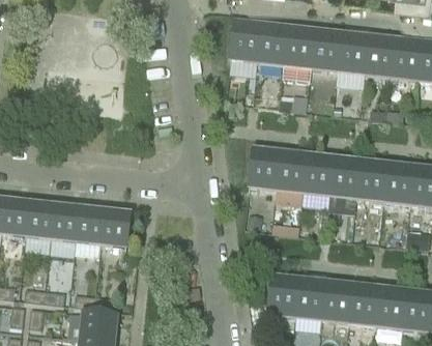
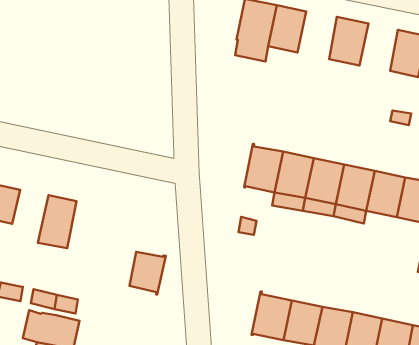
building: [282,28,314,79] -> none
building: [338,33,368,73] -> none
building: [49,206,79,254] -> none
building: [100,211,129,247] -> [129,252,166,294]

